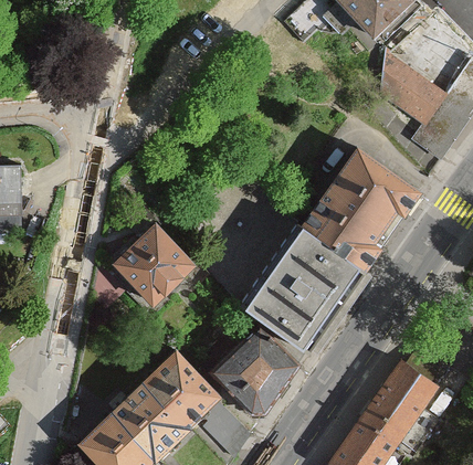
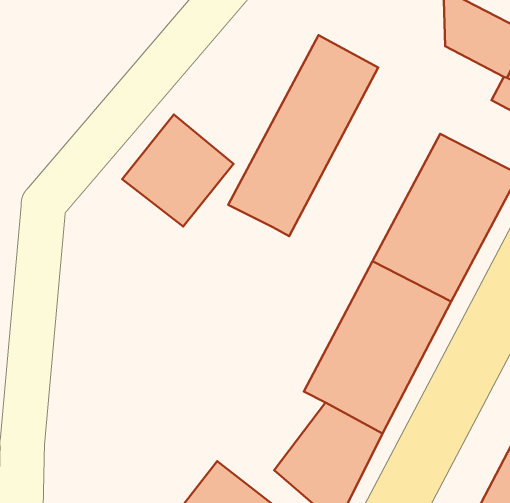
building: none -> [228,35,378,236]
building: [111,219,191,299] -> [122,115,233,227]

